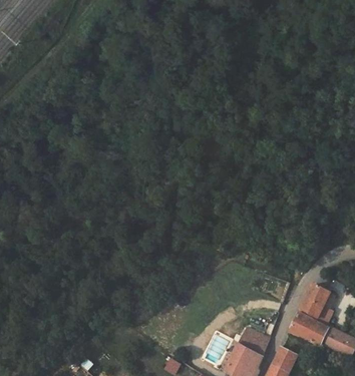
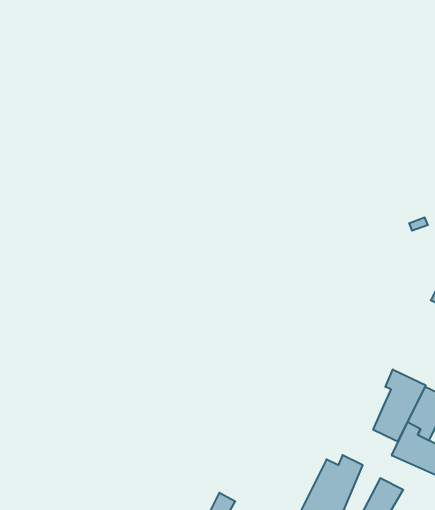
building: none -> [373,369,426,442]

